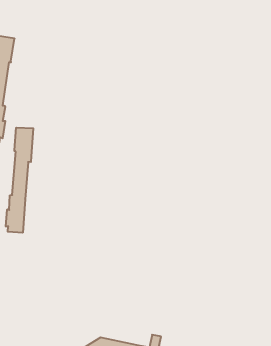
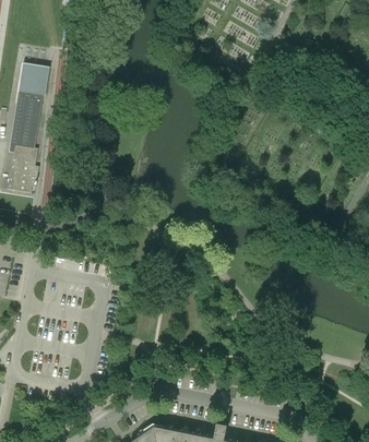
building: [6,128,33,233] -> none

